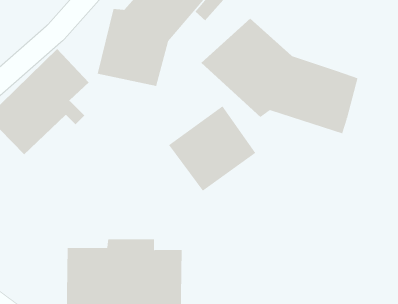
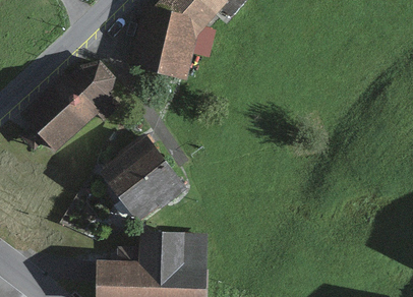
building: [201,18,358,134] -> none
building: [168,106,256,191] -> [101,145,184,227]

